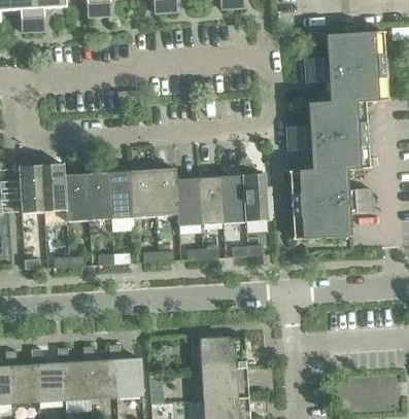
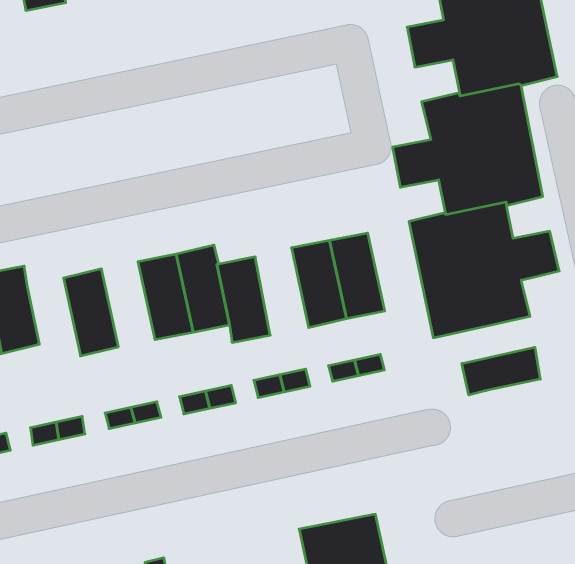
building: [107,171,132,218] -> none
building: [63,174,88,221] -> none
building: [197,176,221,224] -> none
building: none -> [462,347,540,395]

